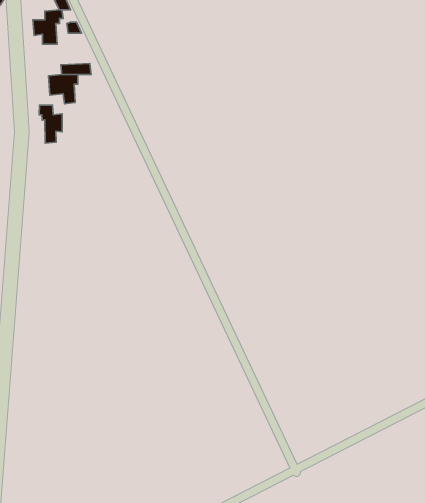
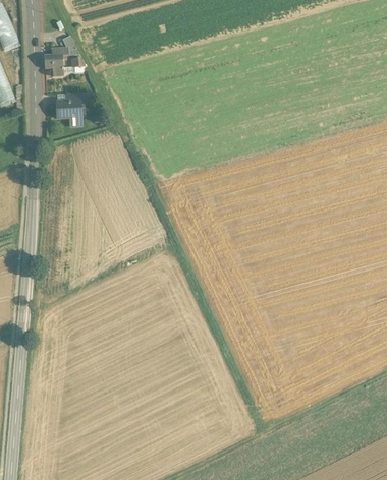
building: [39,105,62,143] -> none

